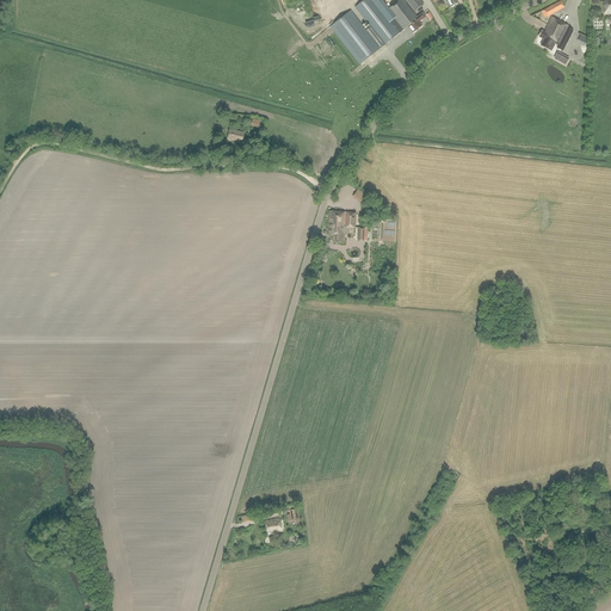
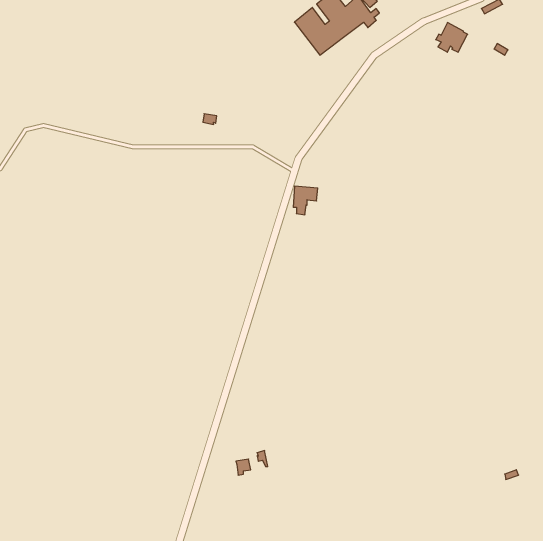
building: [538,16,574,49] -> [436,23,468,52]

